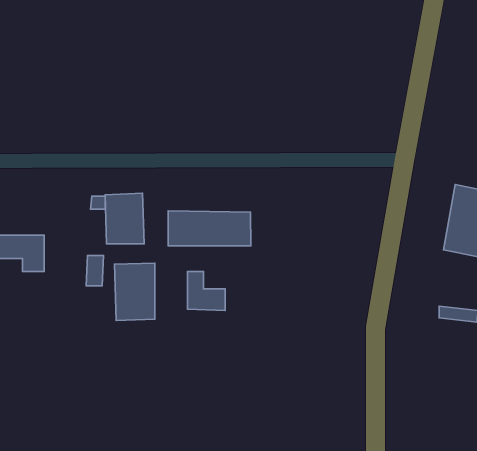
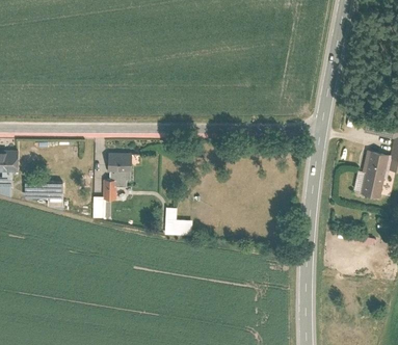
building: [168,211,251,246] -> none
building: [114,263,155,320] -> none

